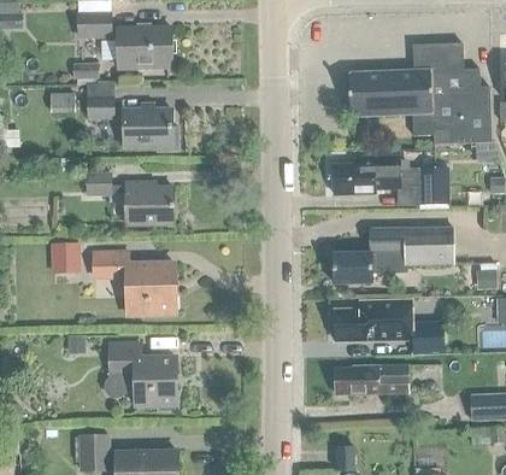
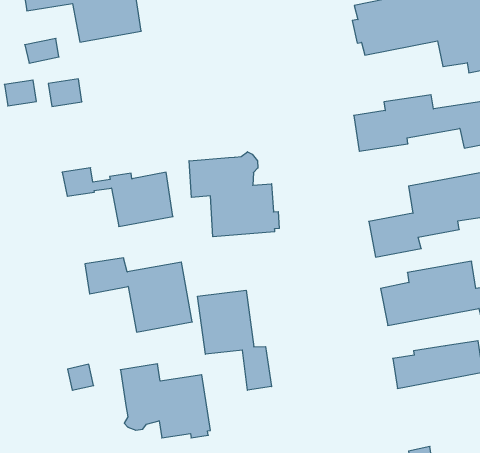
building: [123,110,176,151] -> none
building: none -> [189,152,279,237]
building: [51,242,81,274] -> none
building: none -> [198,290,272,390]

